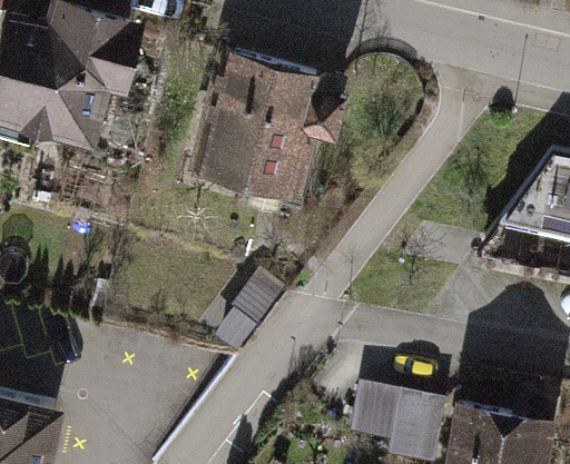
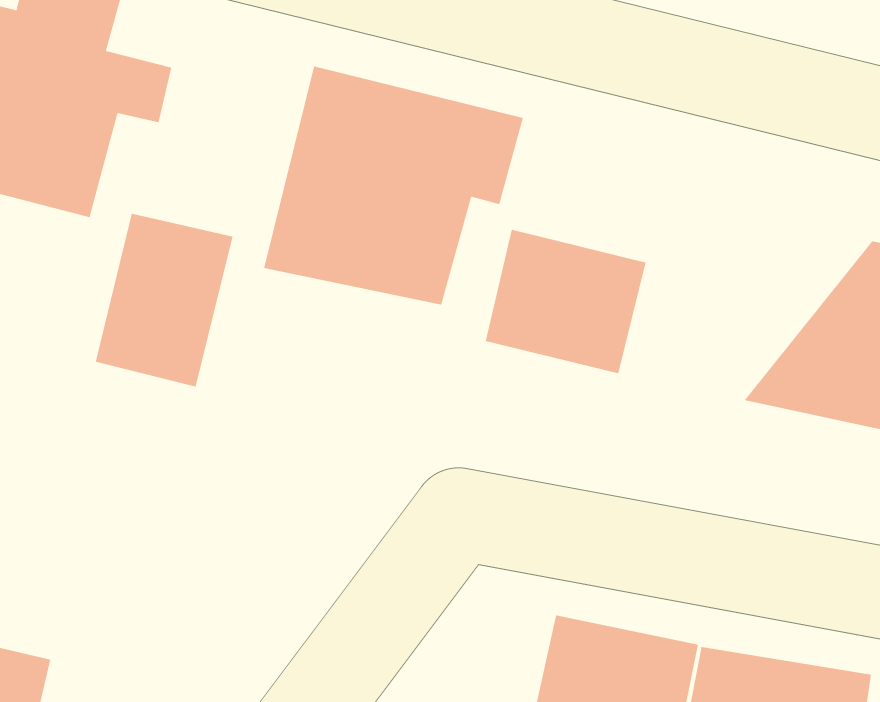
building: none -> [95,213,234,387]
building: none -> [485,229,647,374]

